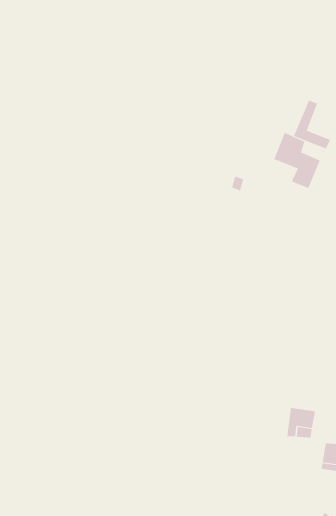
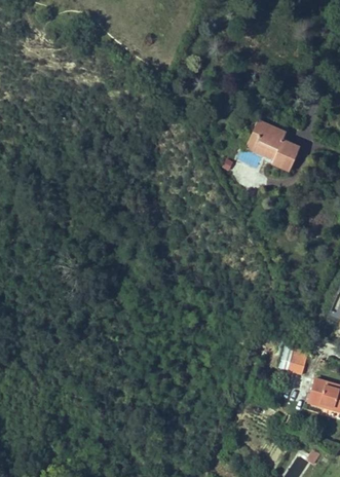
building: [293,100,331,149] -> [251,115,284,158]

